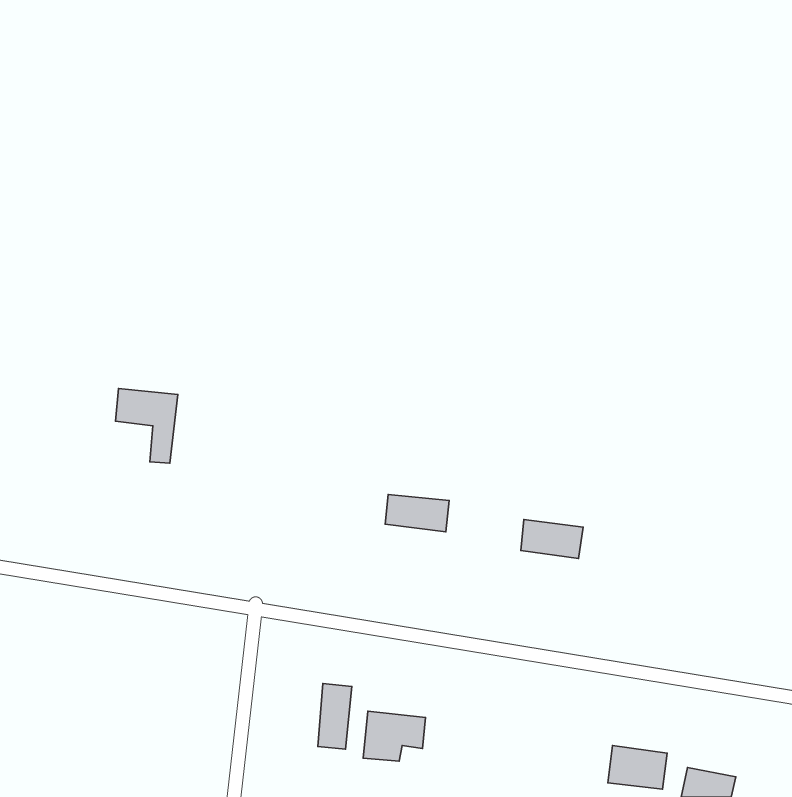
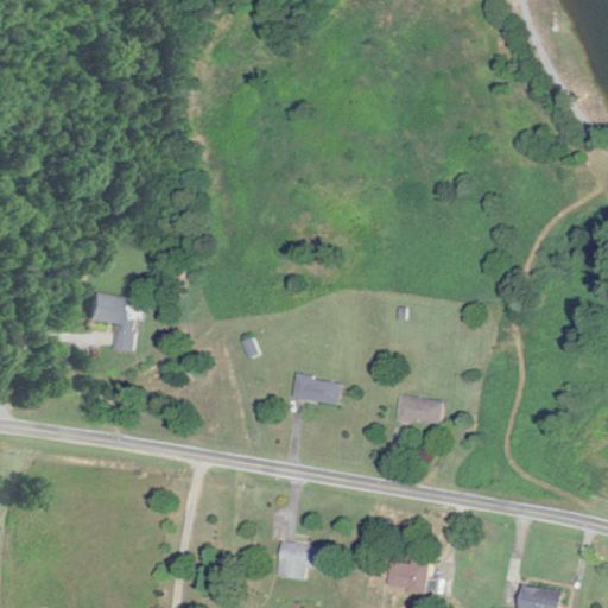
building: [318,684,352,749] -> none
building: [608,745,667,789] -> [386,558,431,591]

